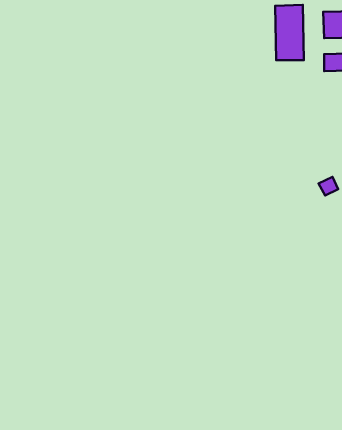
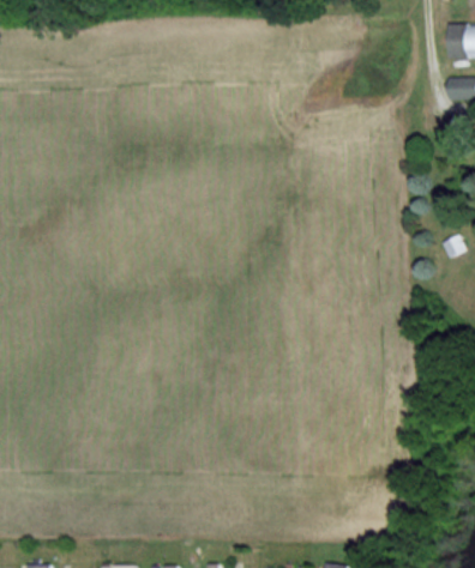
building: [275,5,304,60] -> none

